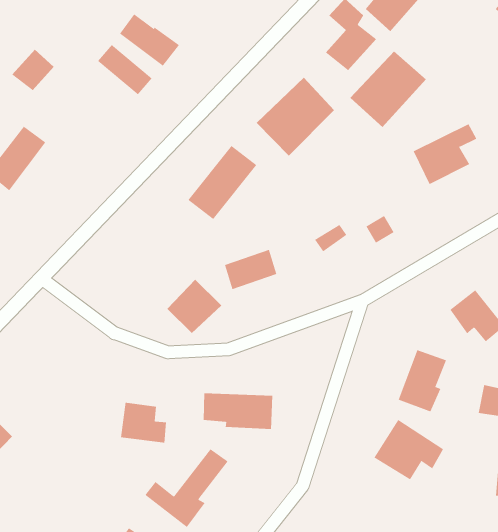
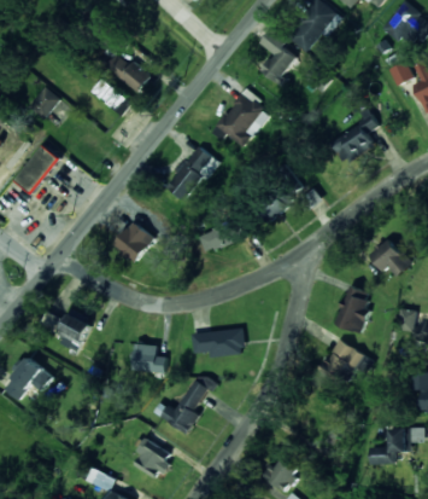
building: [350,51,427,128] -> none
building: [166,279,222,334] -> [113,221,154,262]
building: none -> [55,314,90,352]

